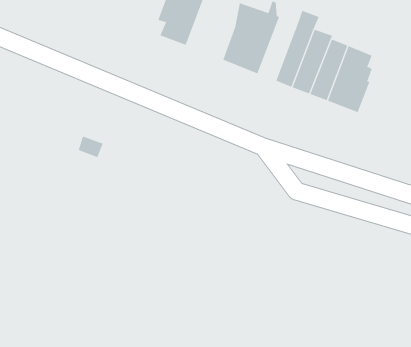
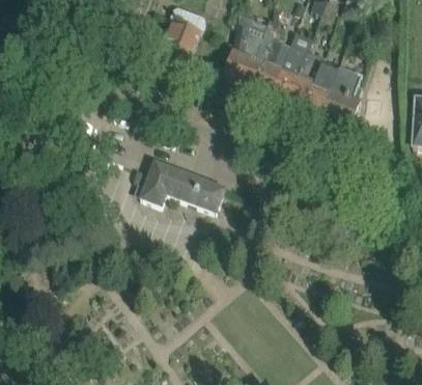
building: none -> [254,36,291,97]
building: none -> [140,159,224,211]

